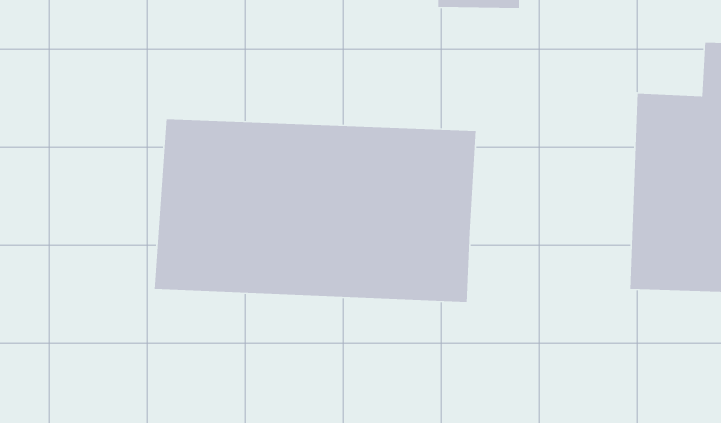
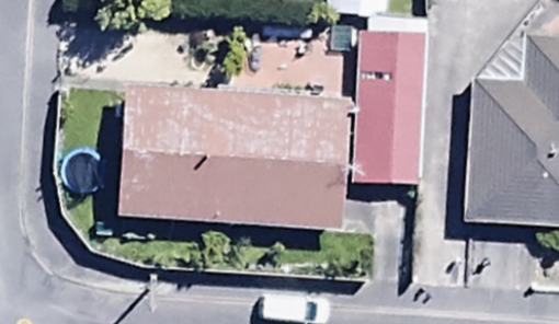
building: none -> [350,33,422,181]

